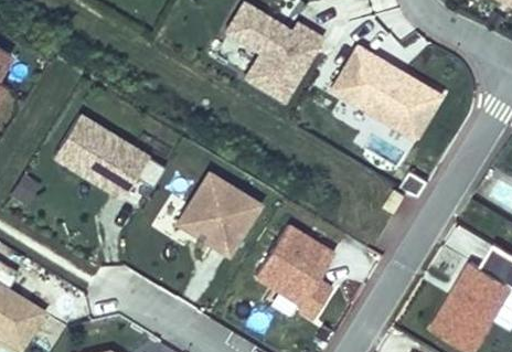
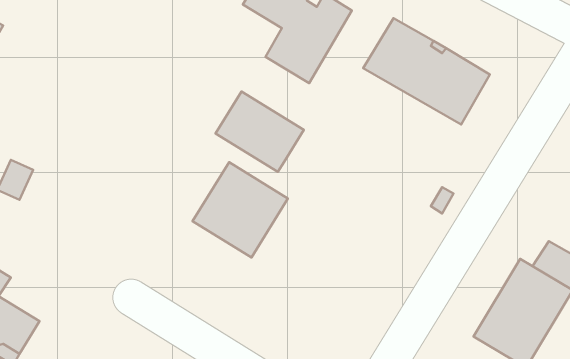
building: none -> [216,92,304,172]
building: [56,115,150,199] -> none
building: [257,225,338,320] -> none

